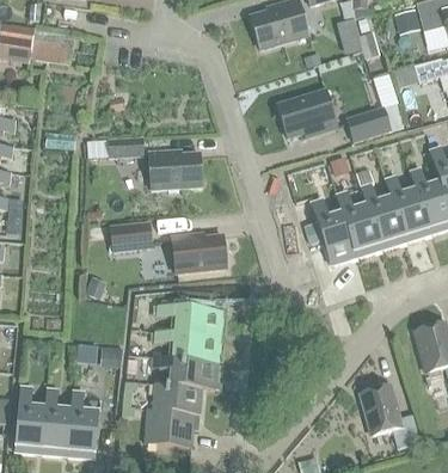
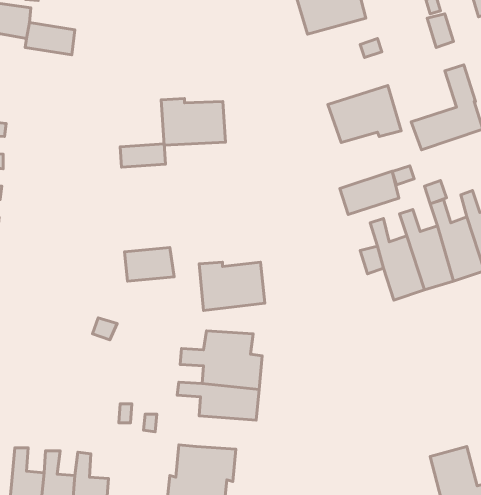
building: [148,150,201,189] -> [161,98,226,145]
building: none -> [340,171,399,215]
building: [151,357,217,388] -> none

